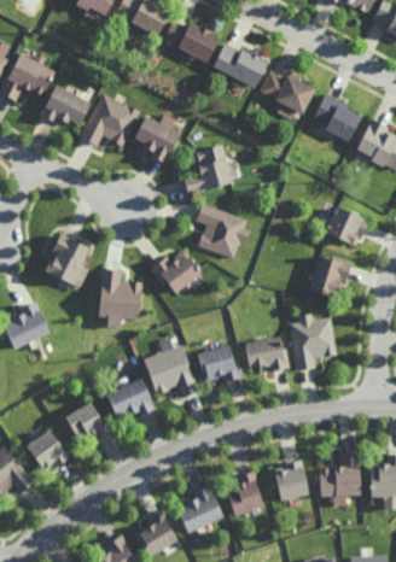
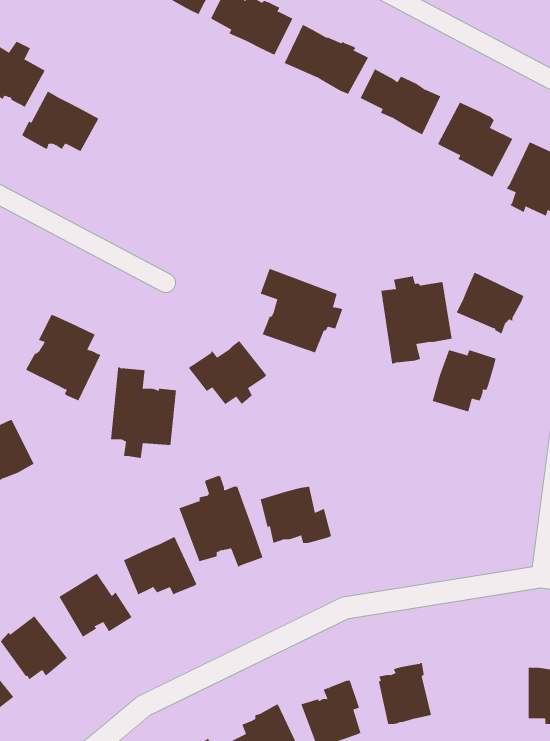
building: [81,93,140,147] -> none
building: [134,118,179,164] -> none
building: [184,145,231,194] -> none
building: [290,312,337,370] -> [380,276,452,365]
building: [243,335,289,370] -> none
building: [319,450,360,496] -> none

